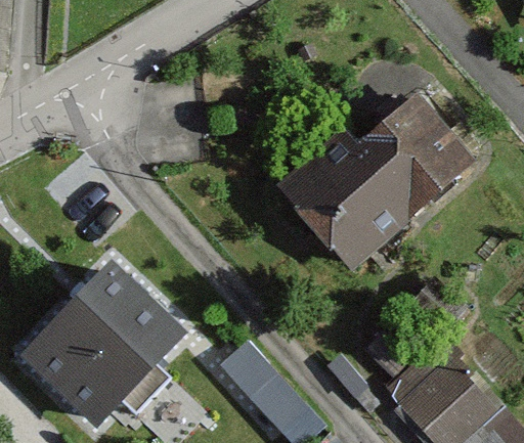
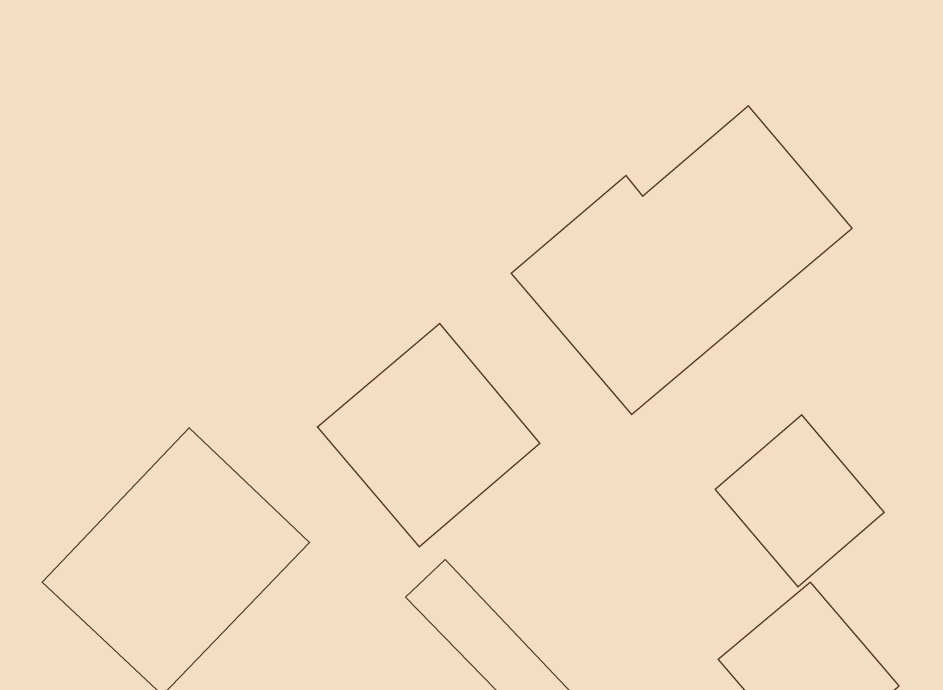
building: none -> [317,323,540,547]
building: none -> [715,415,884,587]

